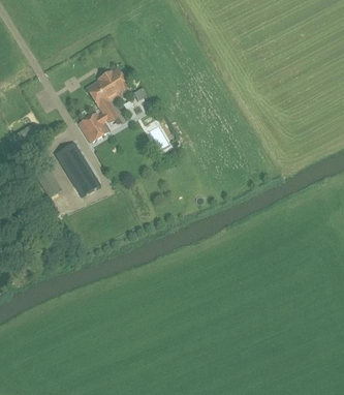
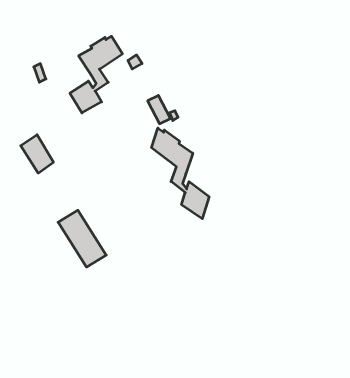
building: [55,143,100,196] -> [58,210,106,267]
building: none -> [152,128,209,219]

